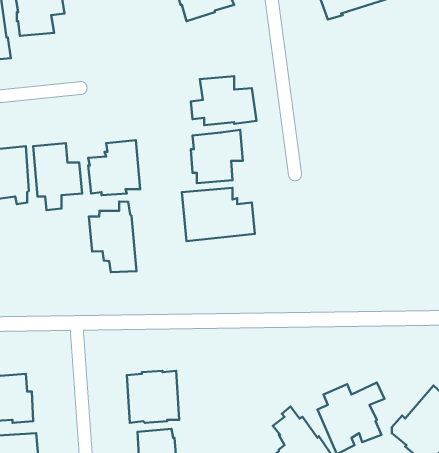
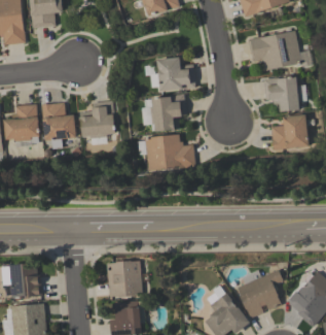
building: none -> [247,31,301,71]
building: none -> [263,76,299,111]
building: none -> [270,114,309,150]
building: [89,202,137,272] -> none

